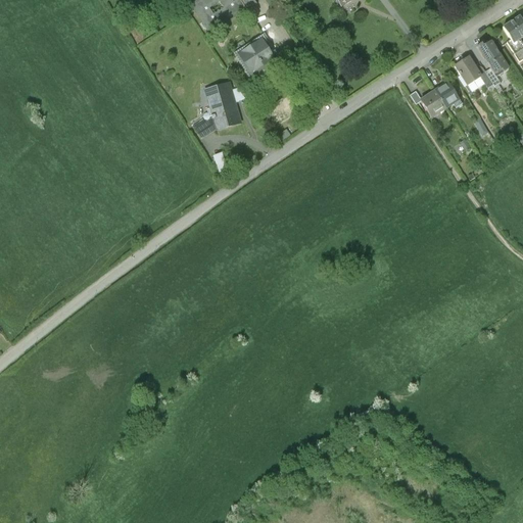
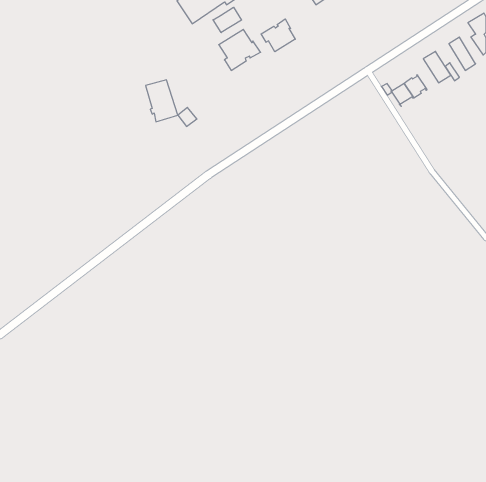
building: none -> [213,7,242,33]
building: none -> [261,19,295,52]
building: [204,82,239,127] -> [146,80,178,122]

